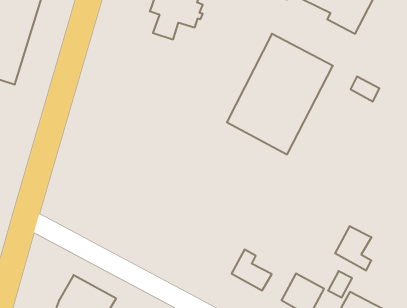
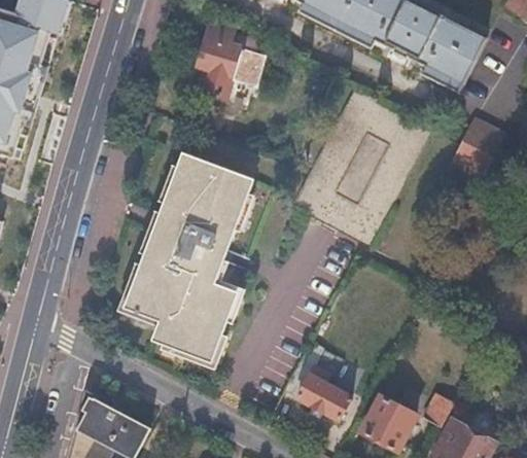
building: none -> [459,116,502,161]
building: none -> [125,154,251,361]
building: [335,226,371,271] -> none

